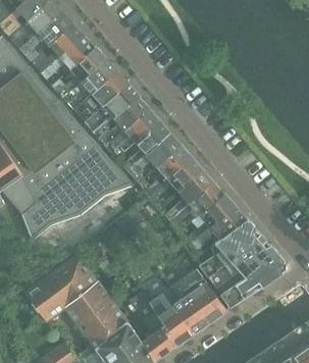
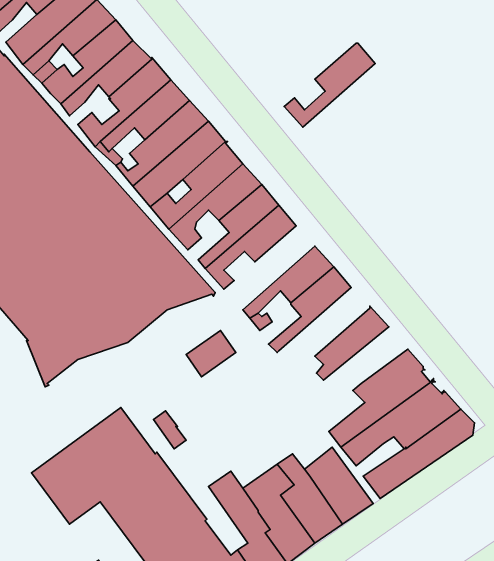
building: [138,146,192,196] -> [284,43,375,127]
building: [170,183,224,232] -> none
building: [190,206,247,251] -> none

